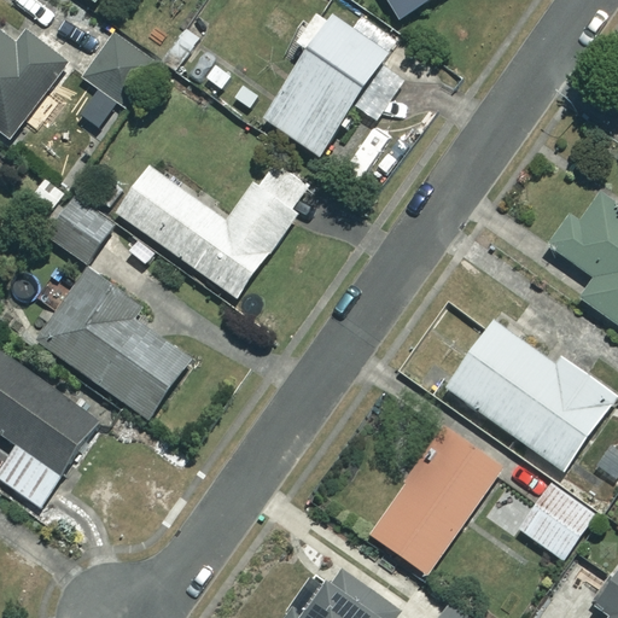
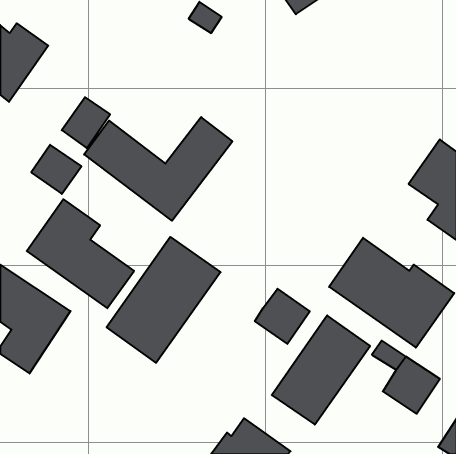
building: [262,12,403,157] -> none
building: [84,34,150,103] -> [62,97,110,148]
building: none -> [107,237,221,363]
building: none -> [255,289,310,344]

